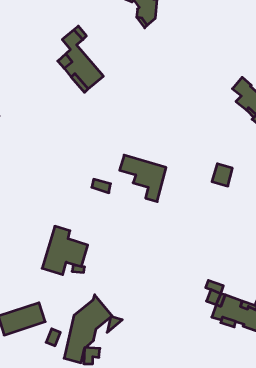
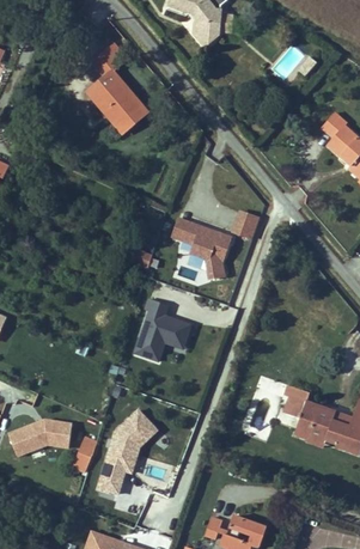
building: [212,164,232,186] -> [231,208,258,238]
building: [42,226,88,275] -> [132,297,193,361]

